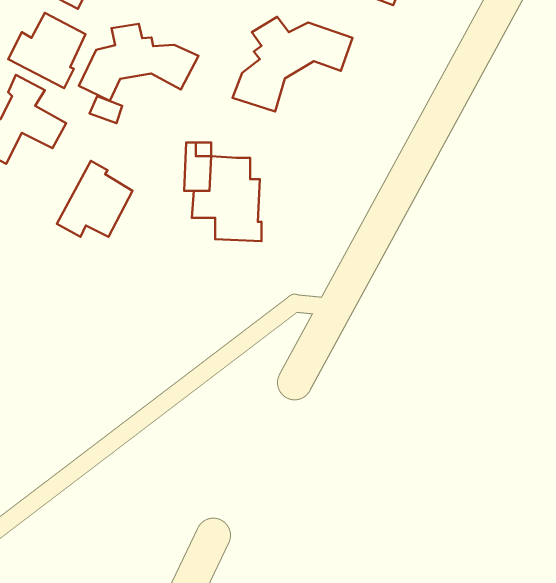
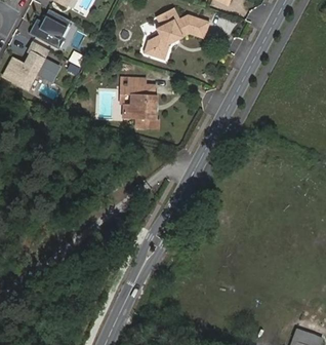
building: [79,24,198,101] -> none
building: [57,161,133,237] -> none

